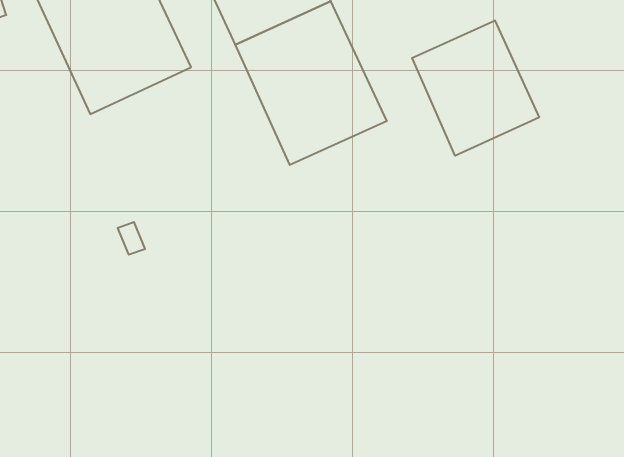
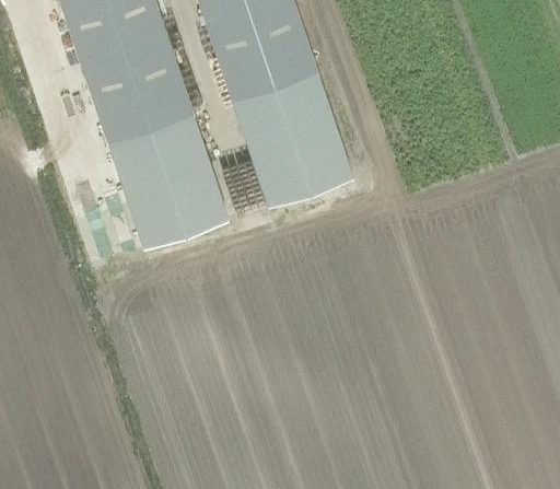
building: [412,20,539,156] -> none
building: none -> [108,116,231,249]

